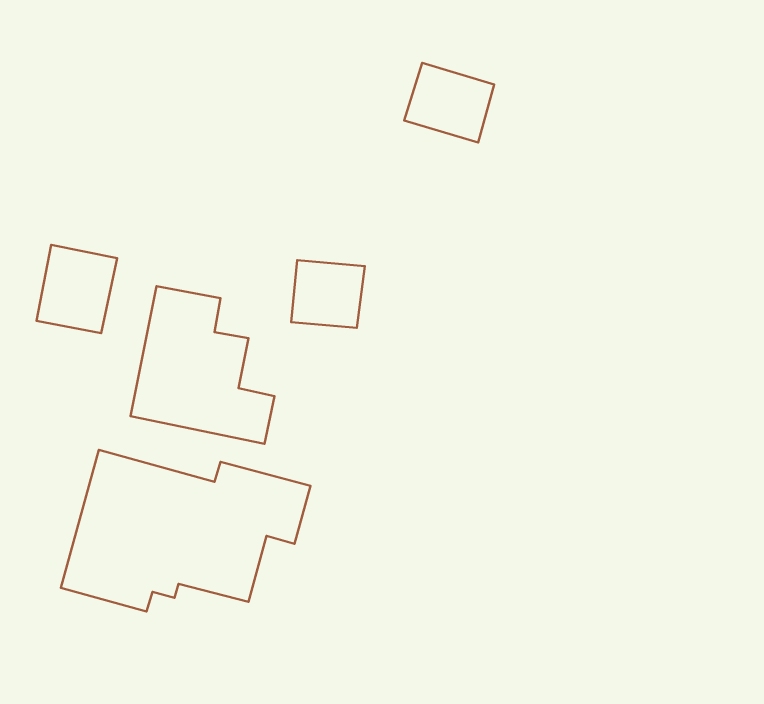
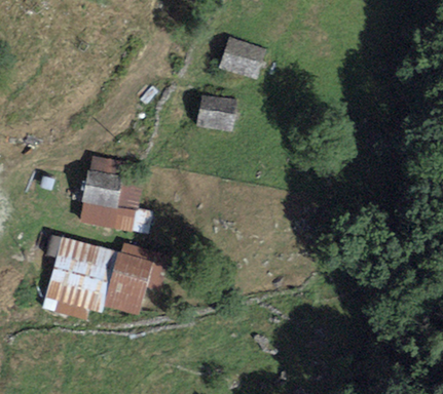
building: [37,245,117,333] -> none
building: [291,260,365,328] -> [197,94,235,129]

